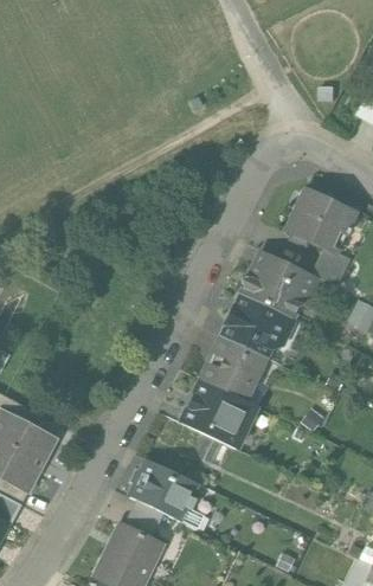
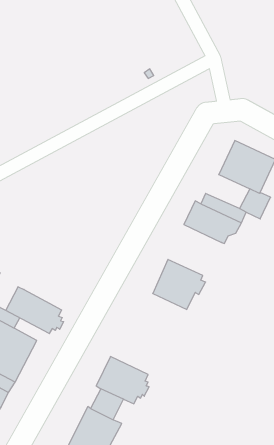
building: [220,294,288,358] -> none
building: none -> [6,287,64,334]
building: [181,380,257,449] -> none

